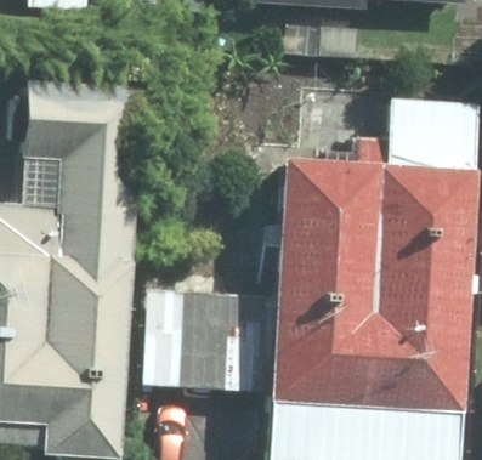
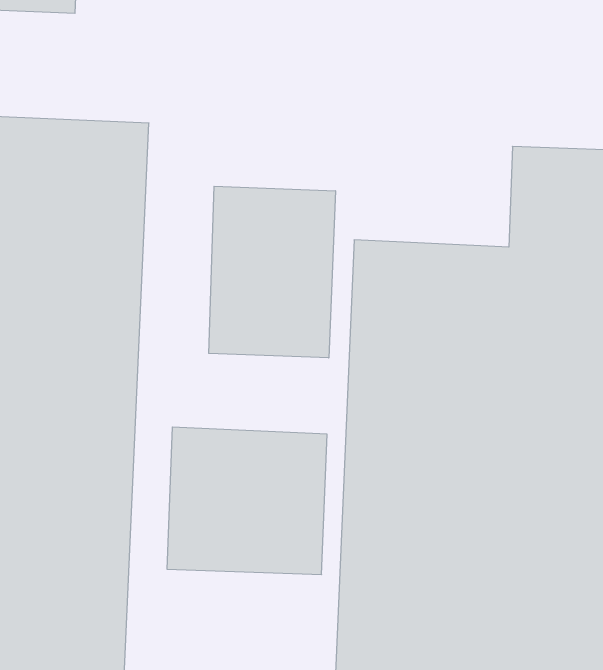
building: none -> [209,186,335,358]

